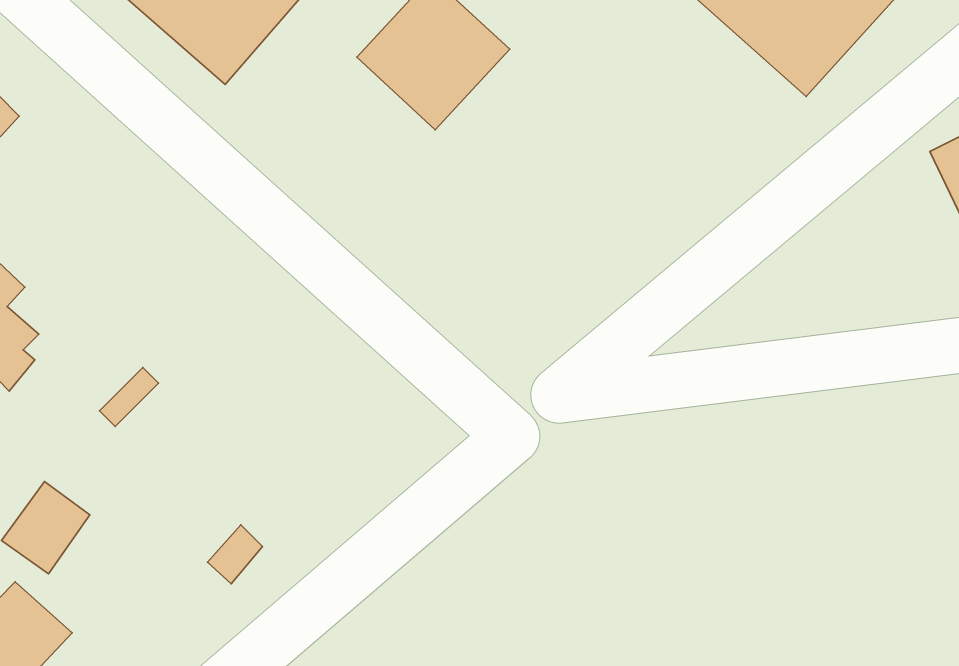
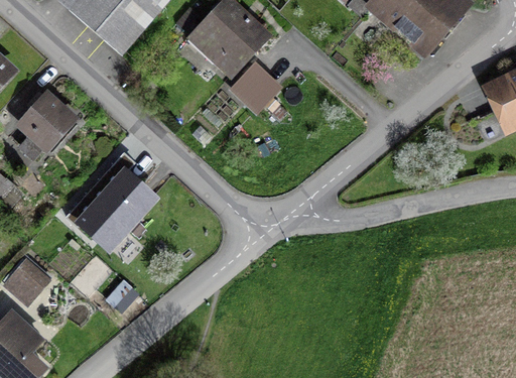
building: none -> [239,64,280,105]
building: none -> [14,93,77,159]
building: none -> [93,173,151,239]

